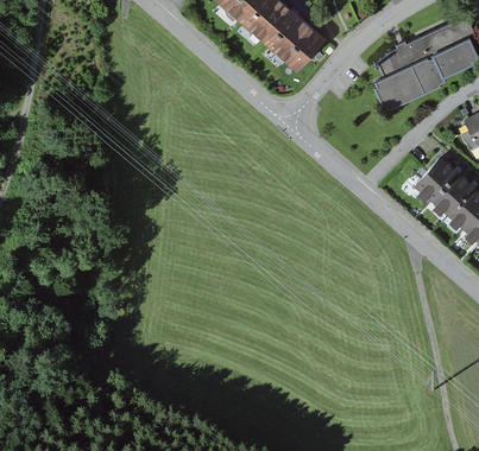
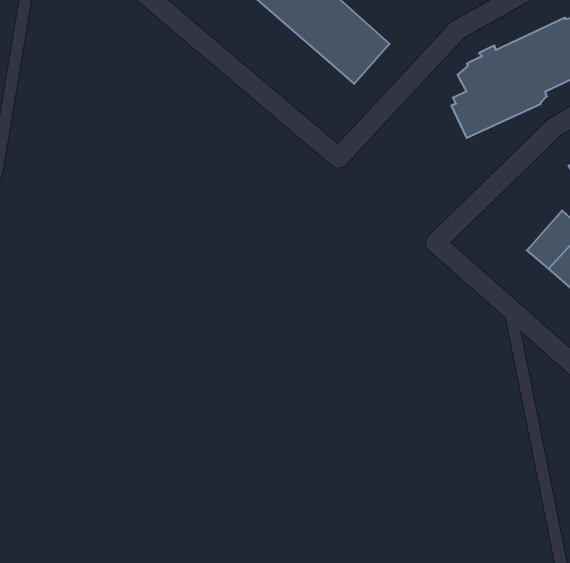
building: [414,154,458,199] -> none

